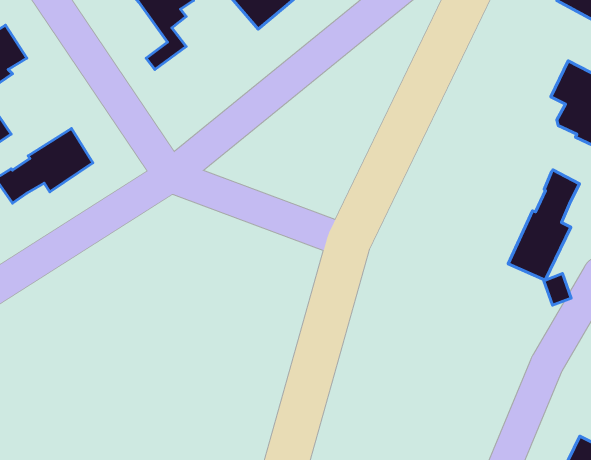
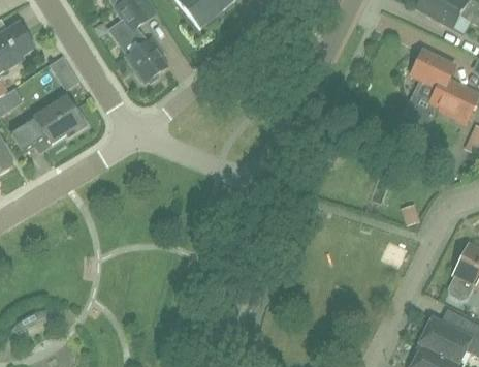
building: none -> [125,36,166,82]
building: [508,170,579,280] -> none

